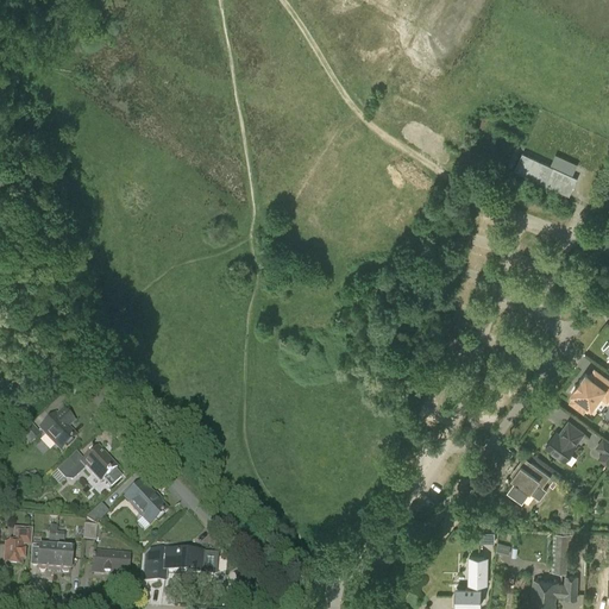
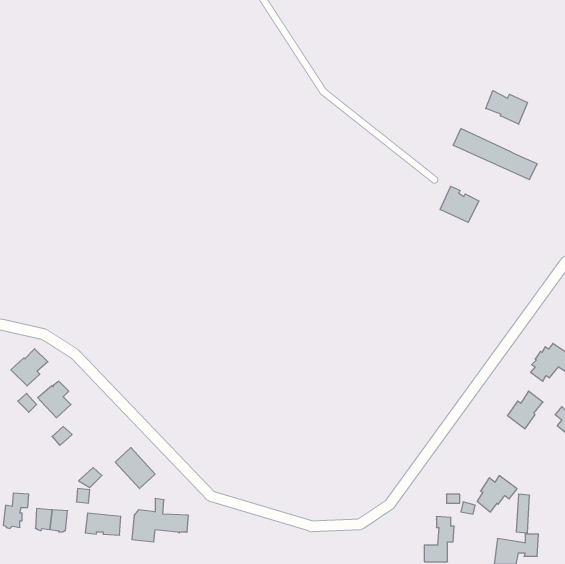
building: none -> [486,91,528,124]
building: none -> [440,186,479,222]
building: none -> [11,349,48,386]
building: [81,446,118,481] -> none
building: [508,460,551,500] -> [477,476,517,512]

